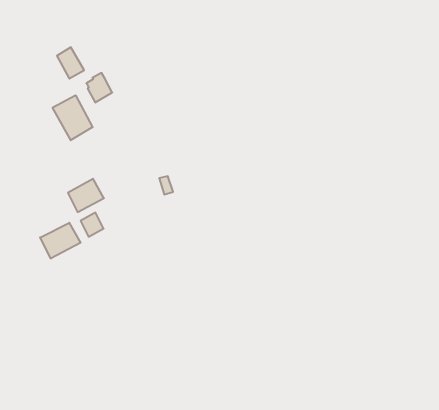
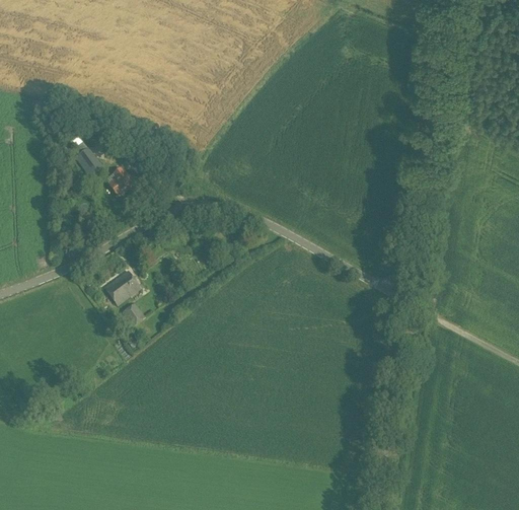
building: [53,95,93,140] -> none
building: [40,223,81,259] -> none

